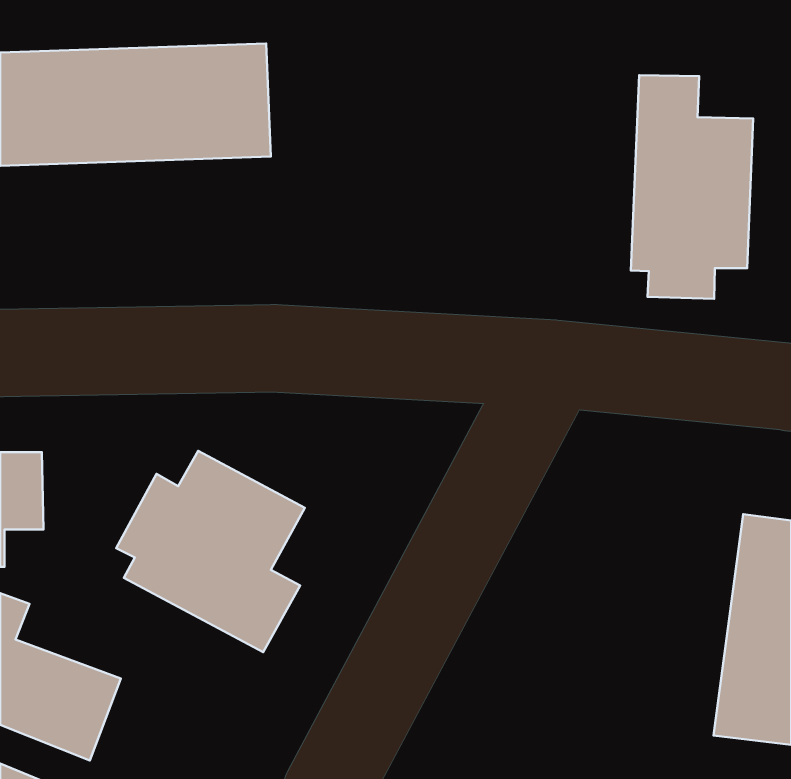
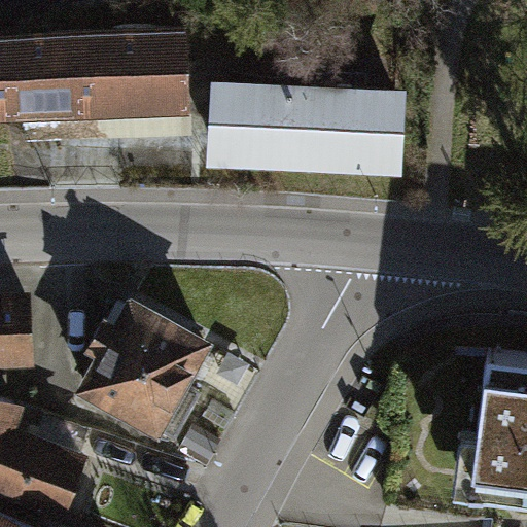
building: [631,75,753,299] -> none
building: none -> [217,91,395,171]

